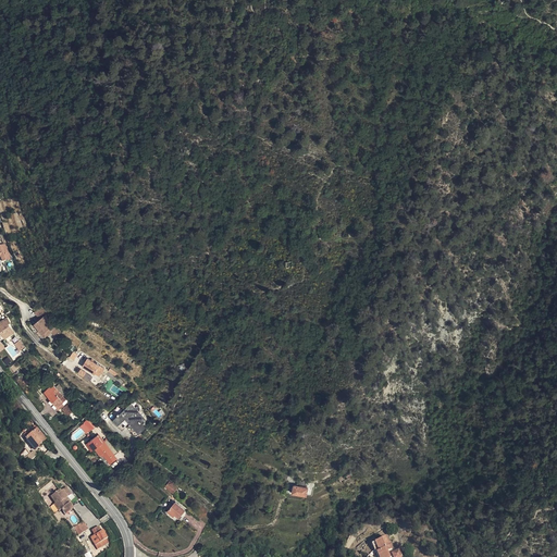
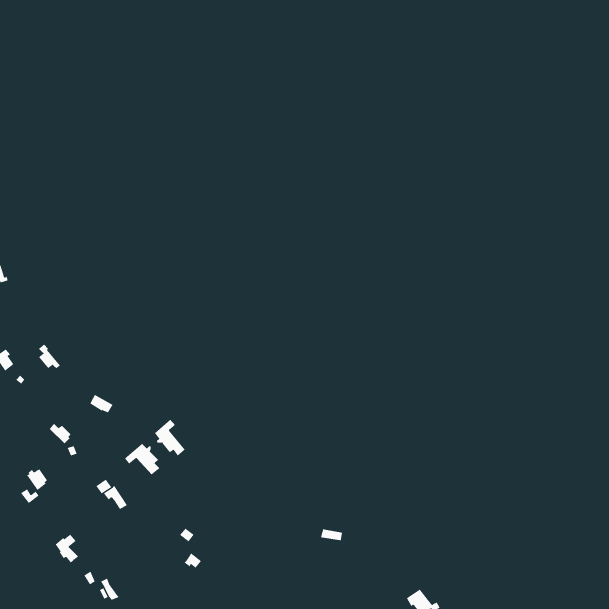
building: none -> [154,419,185,456]

